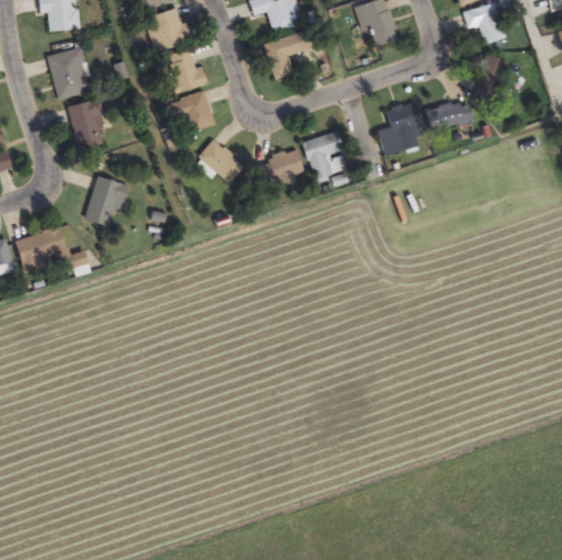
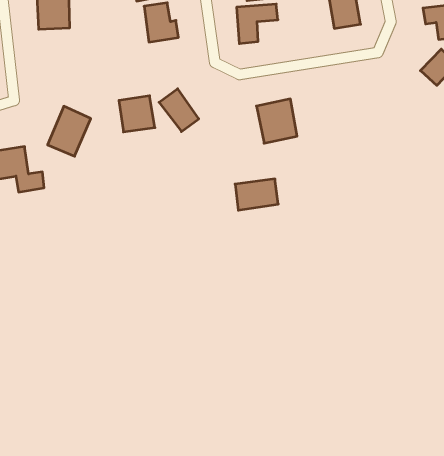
building: [172,91,215,134] -> [119,96,155,132]
building: [67,98,108,148] -> none
building: [378,101,423,156] -> none
building: [426,101,472,131] -> none
building: [255,150,304,190] -> [235,179,278,210]

